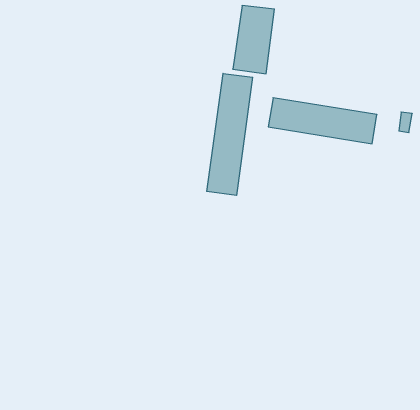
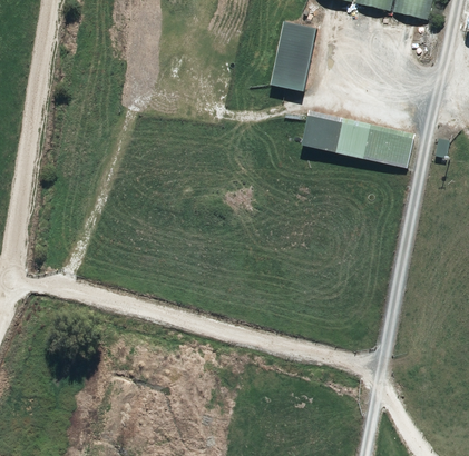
building: [207,73,253,195] -> none

